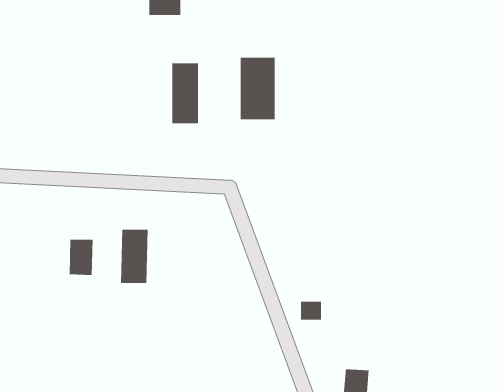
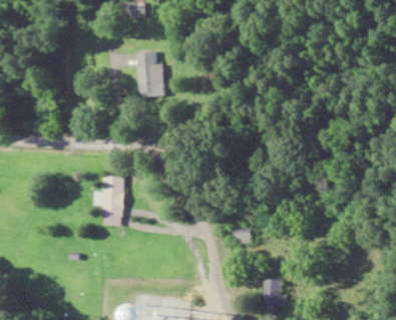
building: [240,57,275,120] -> none
building: [69,239,93,276] -> none

